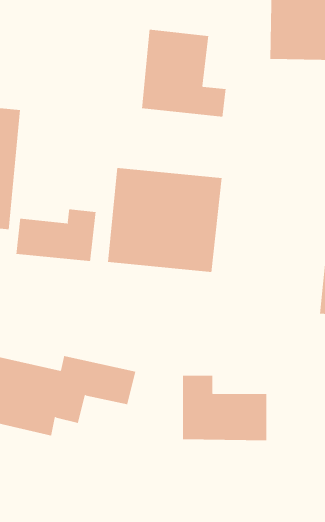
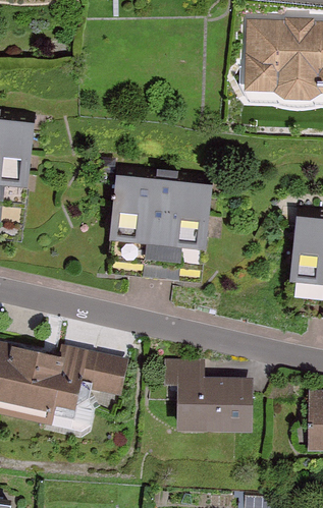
building: [141,29,226,118] -> none
building: [16,209,96,262] -> none

